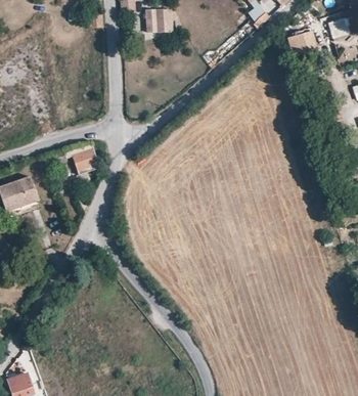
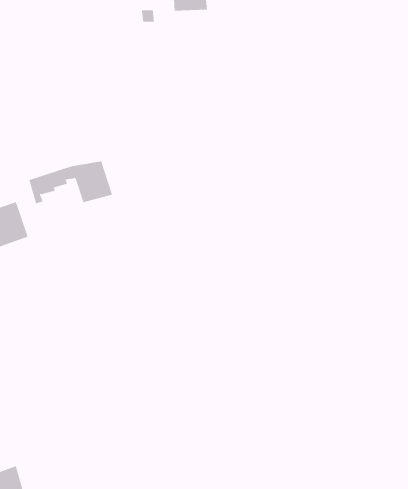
building: [288,32,316,55] -> none

